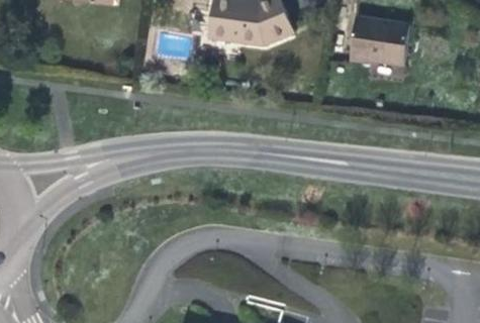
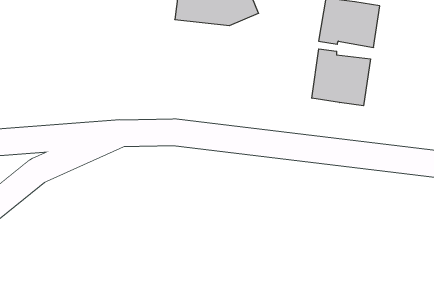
building: none -> [312,49,370,106]

